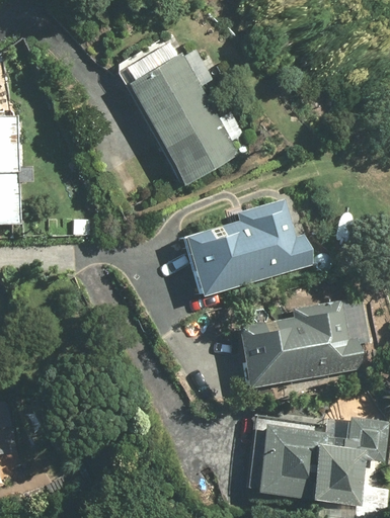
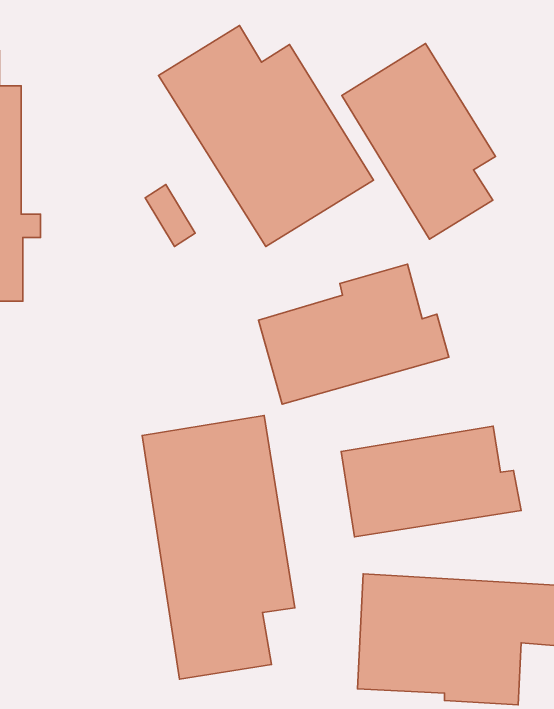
building: none -> [342,43,496,239]
building: none -> [142,416,295,679]

